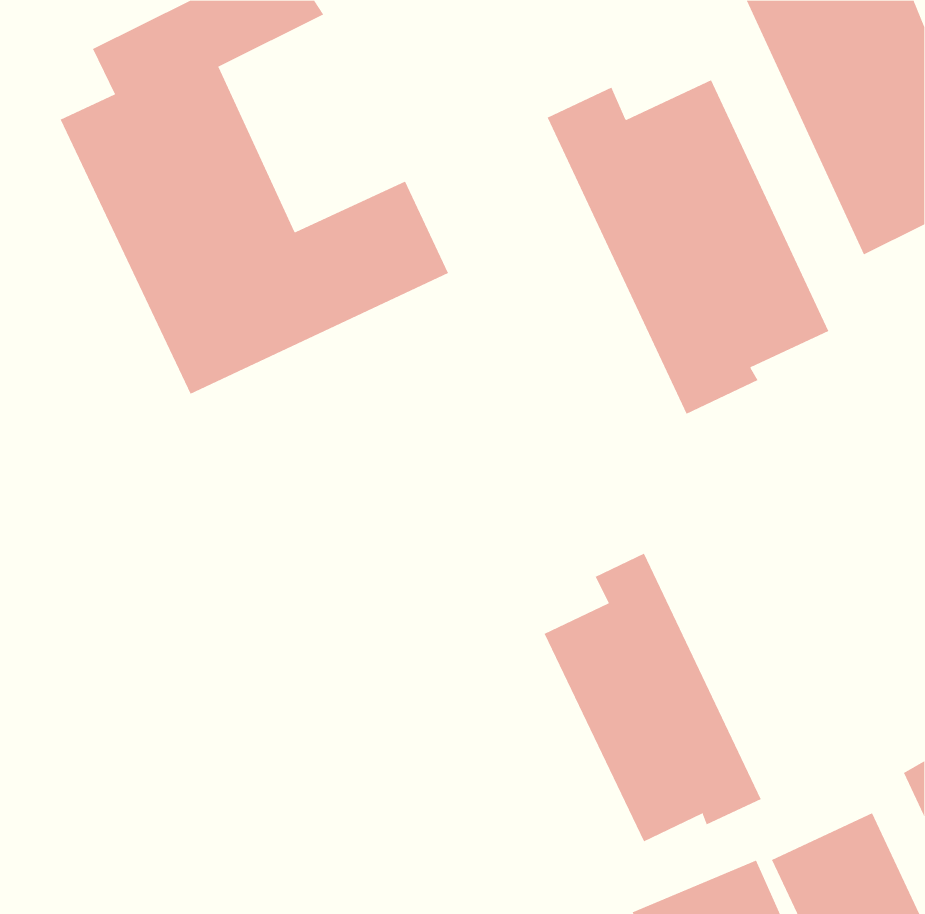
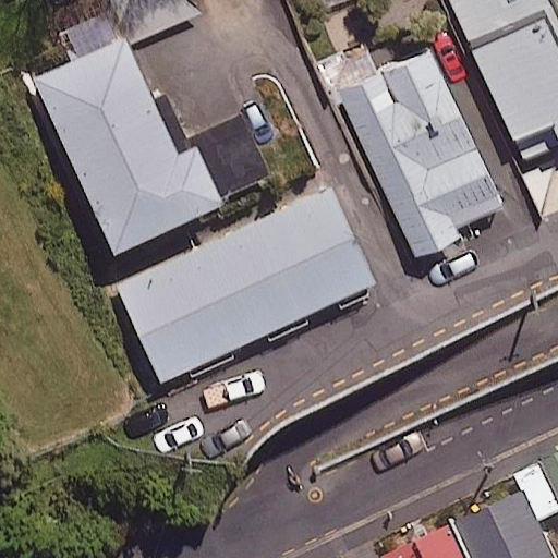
building: none -> [121,187,374,378]
building: [544,553,762,842] -> none

